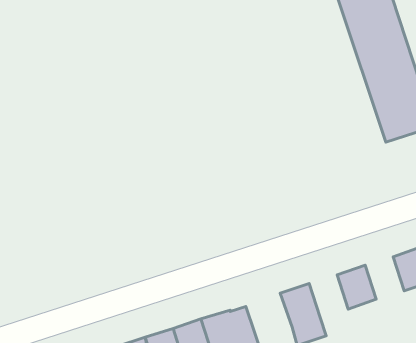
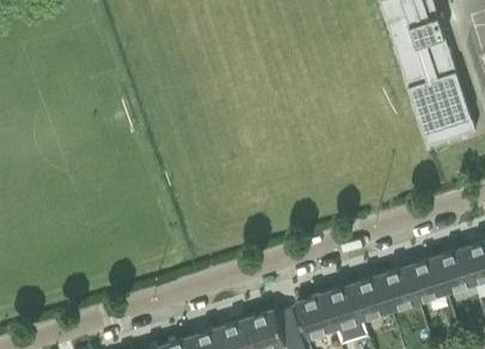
building: none -> [407,259,446,301]
building: none -> [352,277,391,319]
building: none -> [296,295,336,338]

